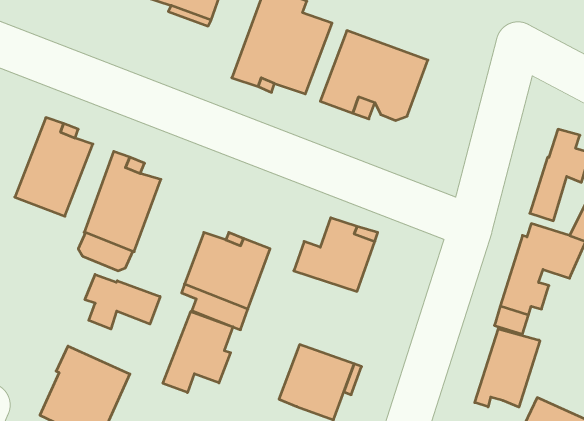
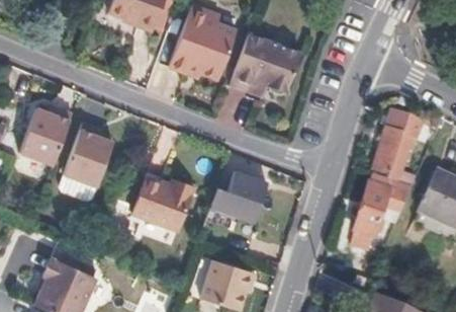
building: [85,274,160,329] -> none
building: [163,311,233,393] -> none
building: [475,328,540,407] -> none

